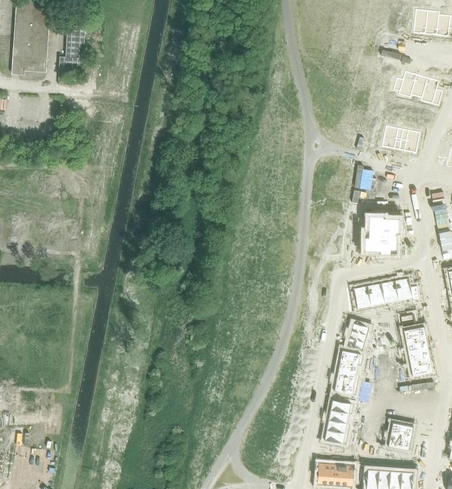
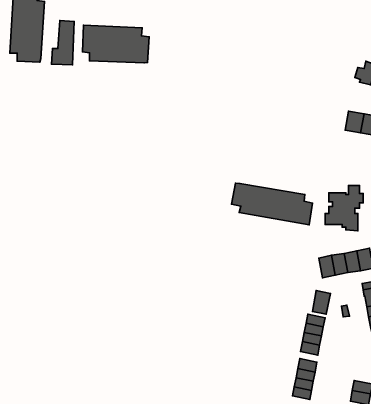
building: none -> [83,25,149,63]
building: none -> [232,183,312,225]

